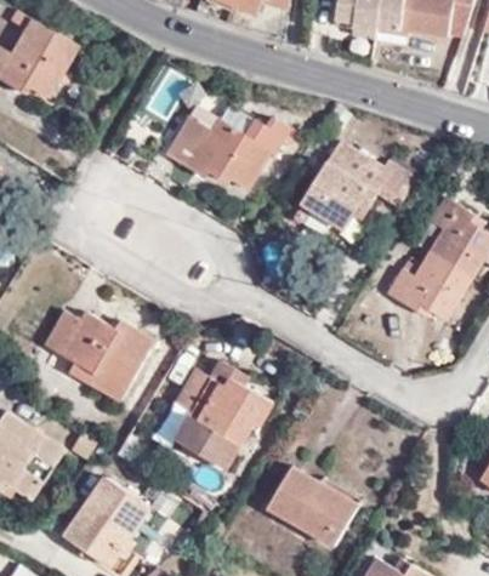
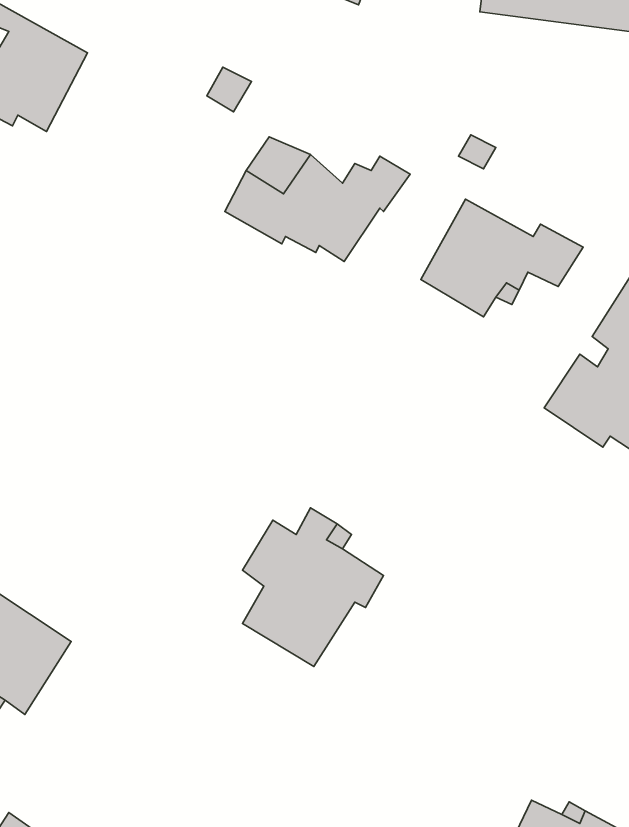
building: [45,310,155,401] -> none
building: [268,469,352,549] -> none
building: [67,478,148,565] -> none

